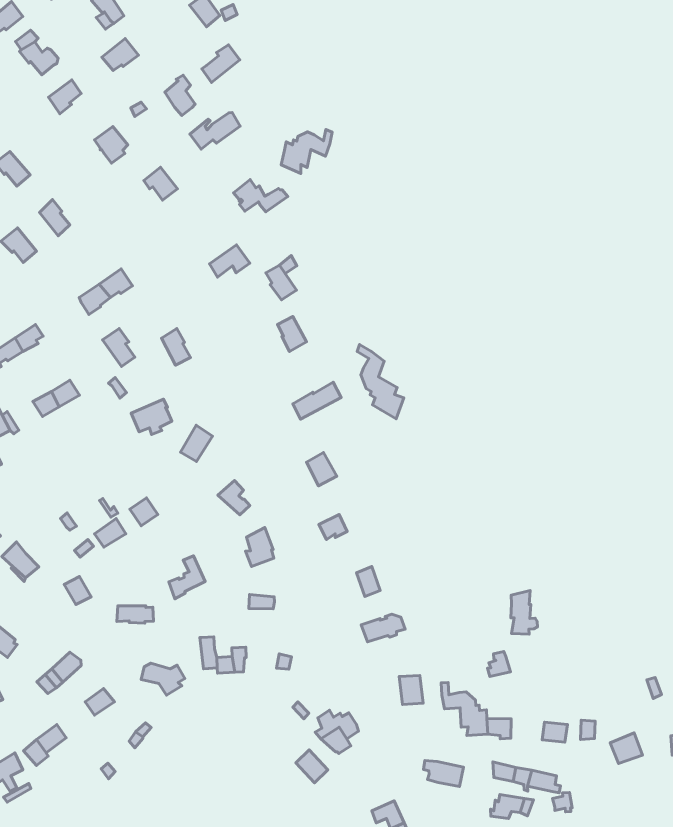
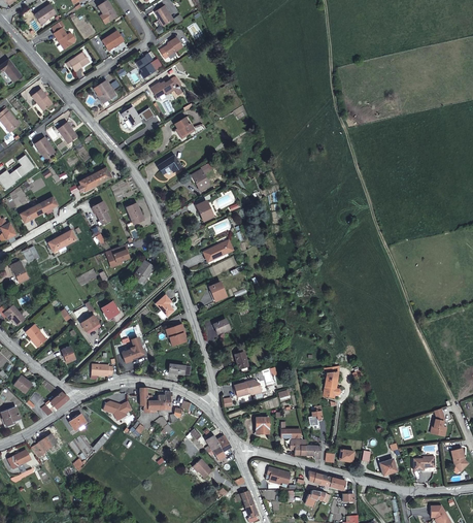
building: [281,129,332,173] -> none
building: [357,345,404,419] -> none

